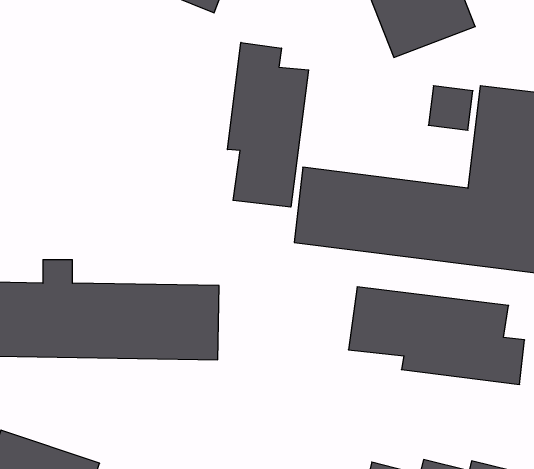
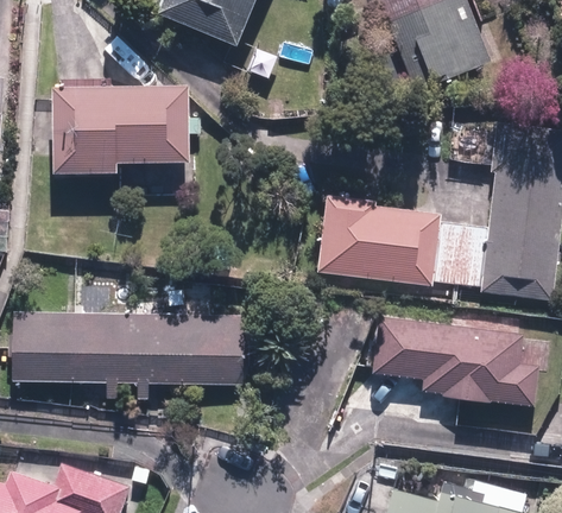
building: [227,42,309,207] -> none
building: none -> [51,86,190,176]

